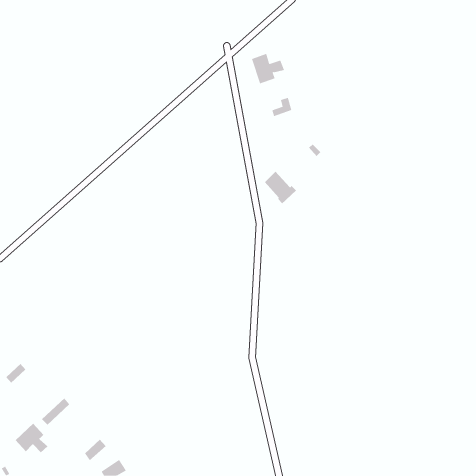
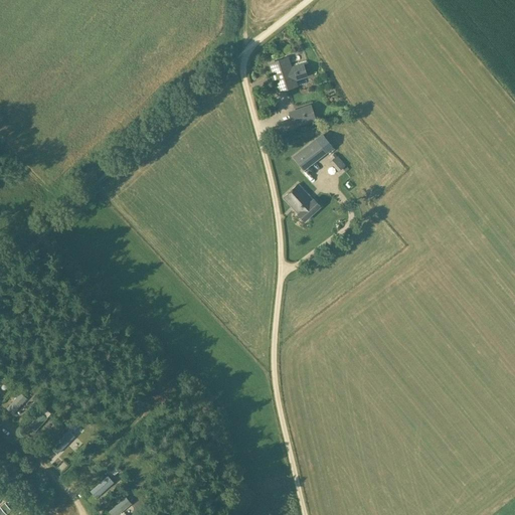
building: none -> [294,138,328,170]
building: [15,423,48,453] -> none

